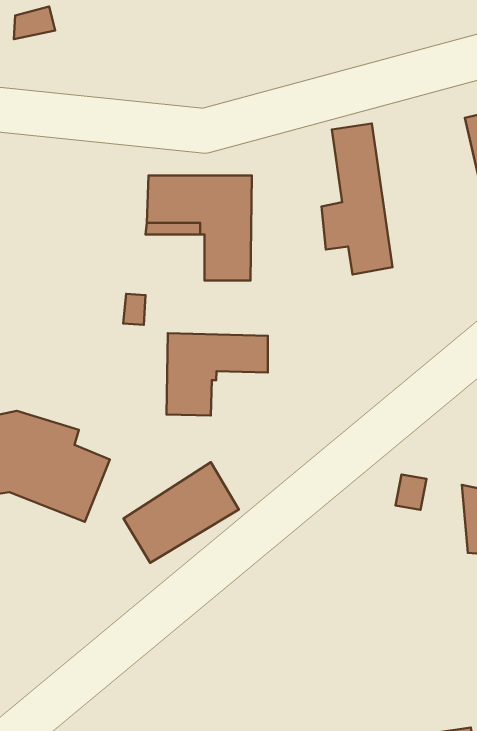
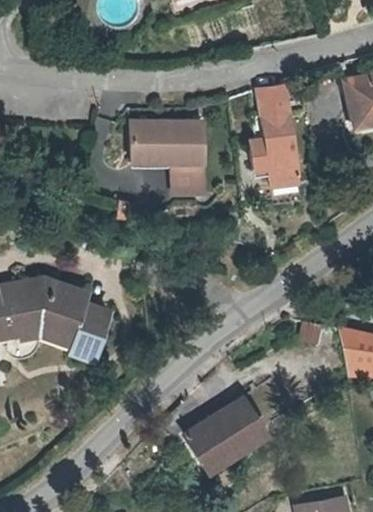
building: [167,333,268,416] -> none
building: [123,462,239,563] -> [186,396,264,464]

